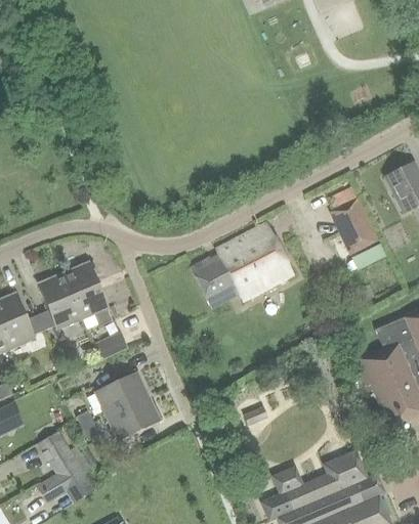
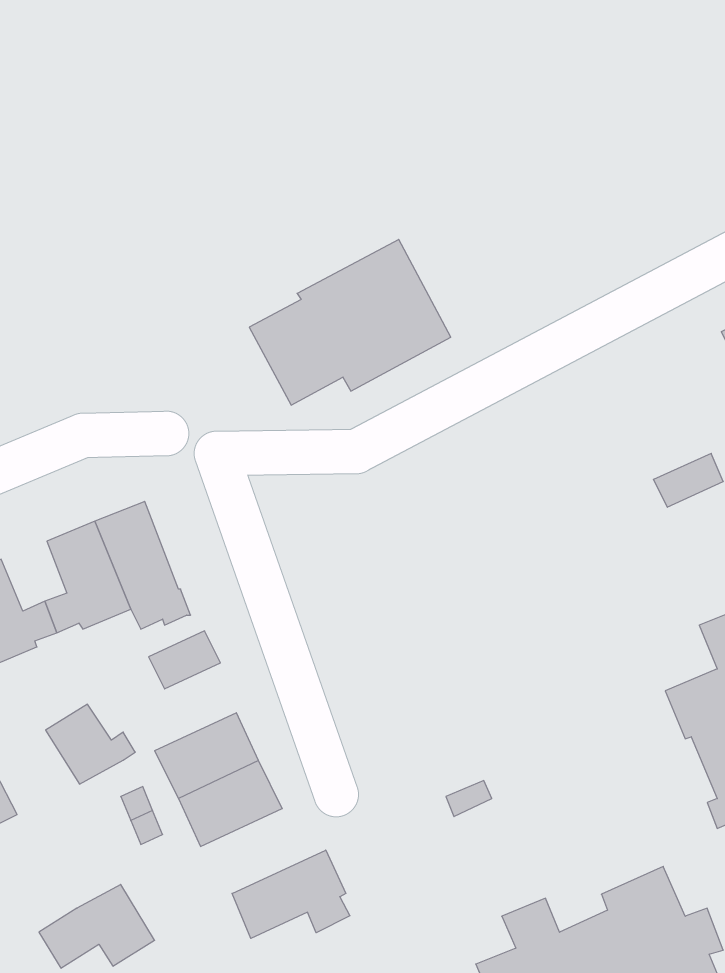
building: [329,194,379,251] -> none
building: [191,222,294,307] -> [249,239,451,405]
building: [37,431,83,472] -> [46,704,135,784]
building: none -> [232,850,350,938]

